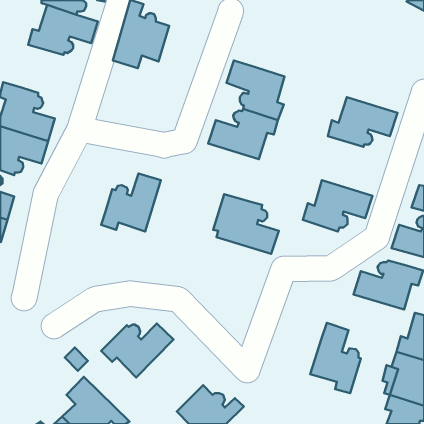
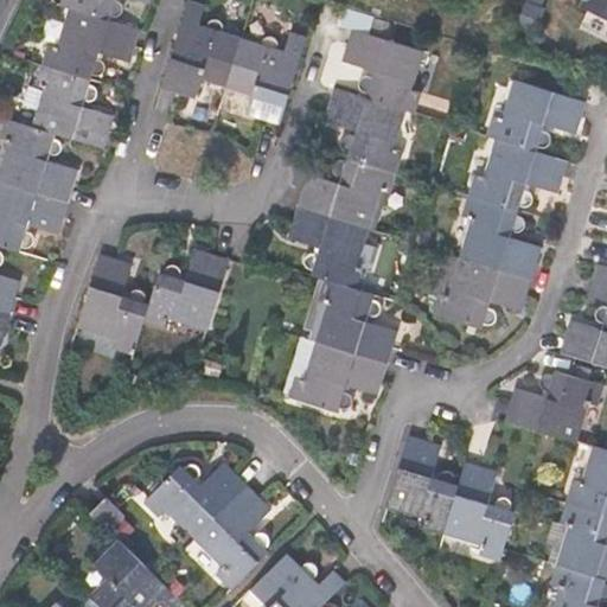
building: none -> [341,27,424,113]
building: none -> [226,31,307,123]
building: none -> [32,64,114,148]
building: none -> [486,79,587,152]
building: none -> [460,194,543,280]
building: none -> [288,205,370,289]
building: none -> [77,253,151,353]
building: none -> [283,337,388,413]
building: none -> [388,434,459,536]
building: none -> [194,485,270,588]

